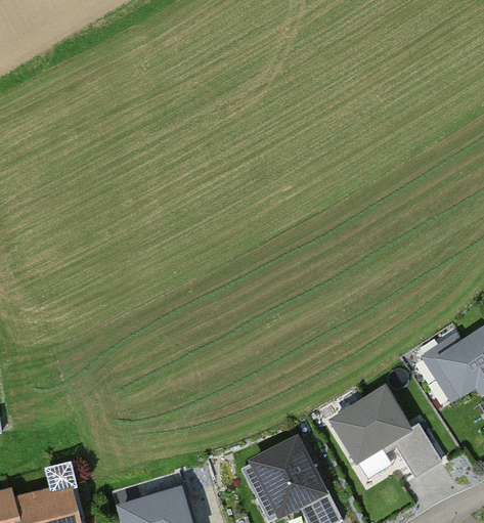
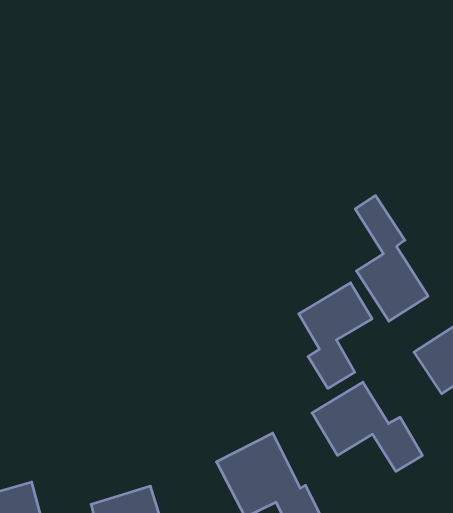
building: none -> [355,196,428,321]
building: none -> [299,283,372,388]

